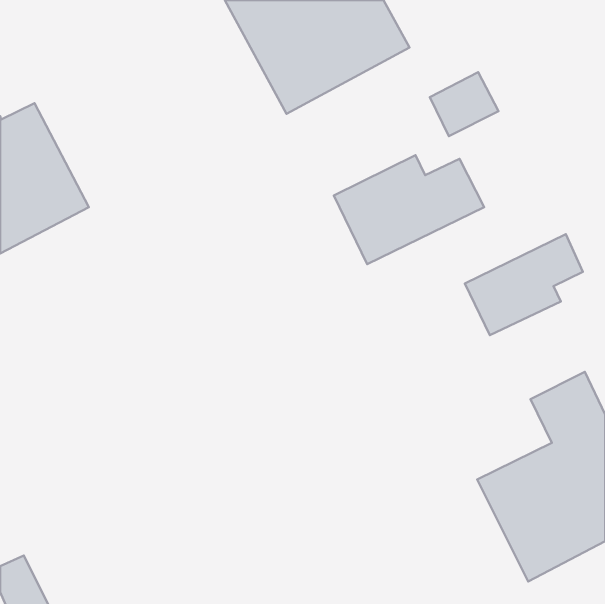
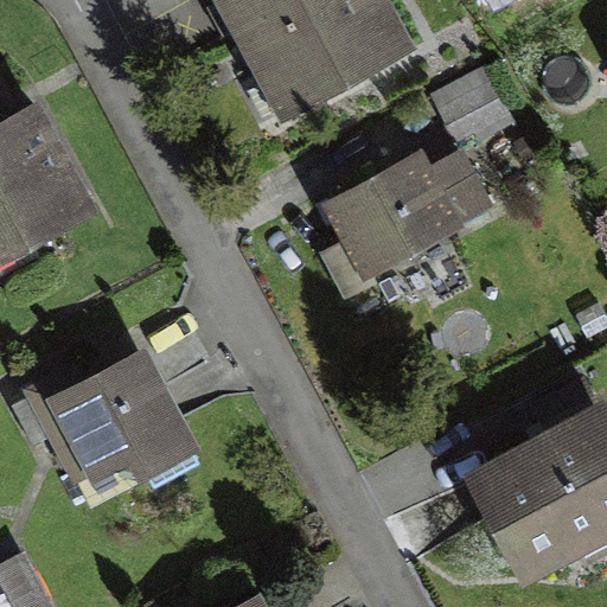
building: [465,234,583,335] -> none
building: none -> [28,356,198,481]

